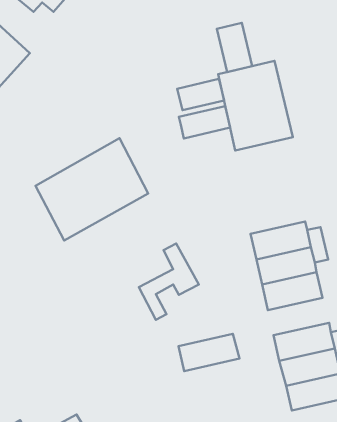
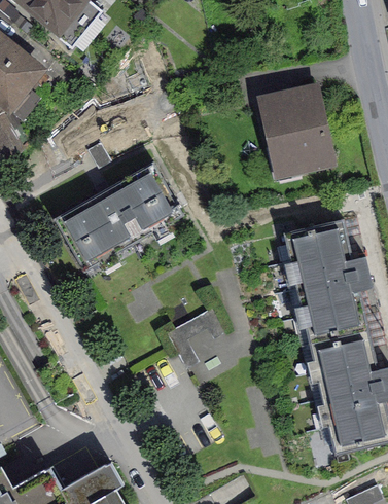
building: [217,23,252,72] -> none
building: [177,79,224,110] -> none
building: [179,106,230,138] -> none
building: none -> [284,229,349,269]
building: [178,334,240,371] -> [309,338,375,379]

